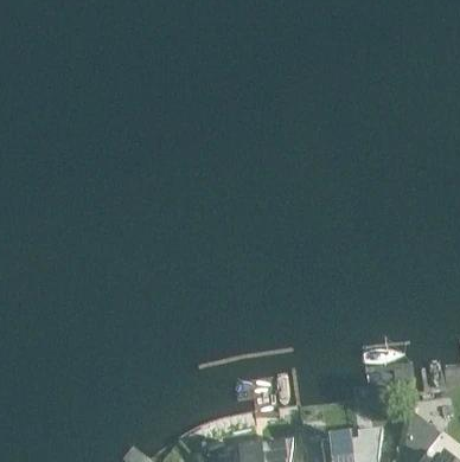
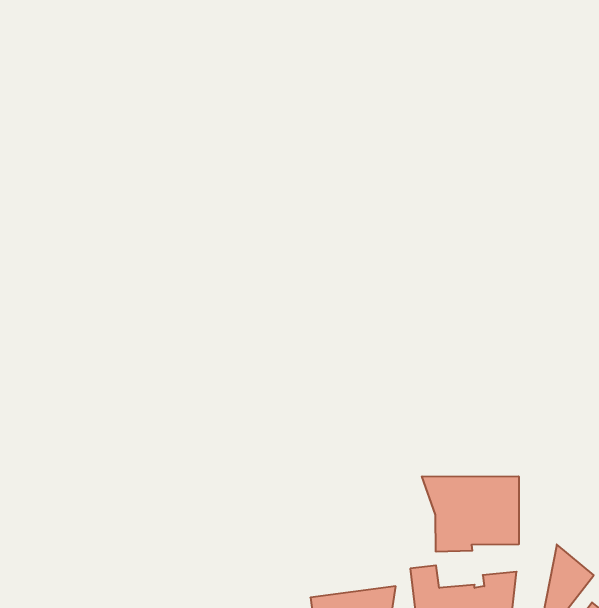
building: none -> [422,476,519,552]

